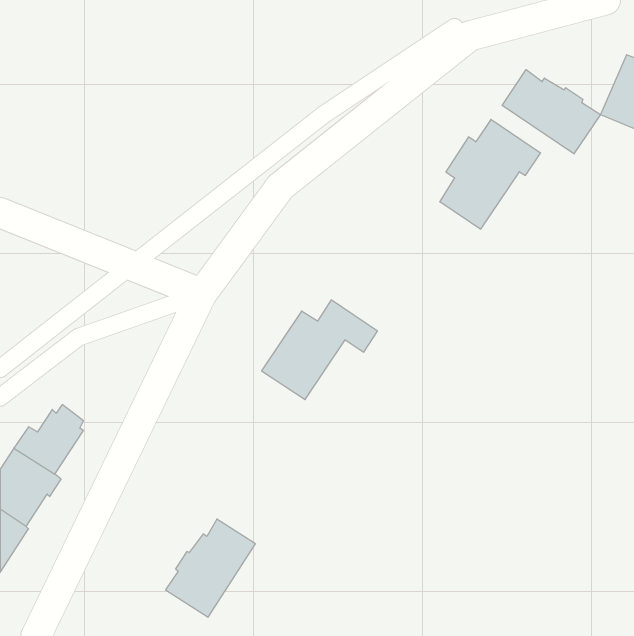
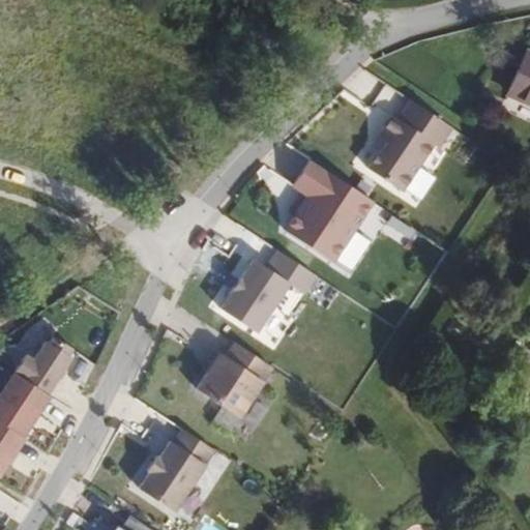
building: [502,70,600,154] -> none
building: none -> [285,158,372,261]
building: none -> [196,343,271,417]

